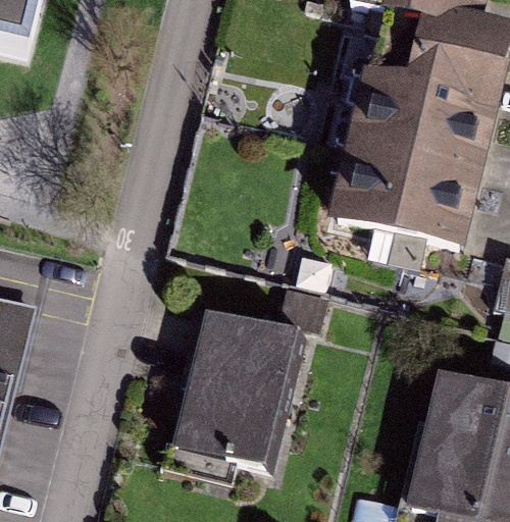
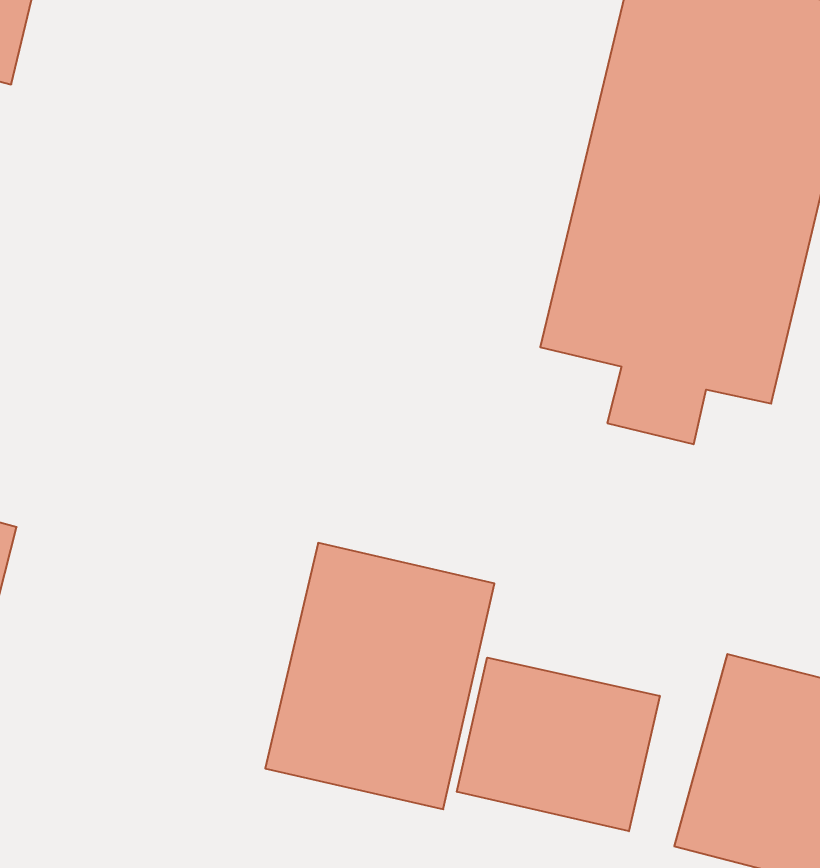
building: none -> [457,658,660,831]

